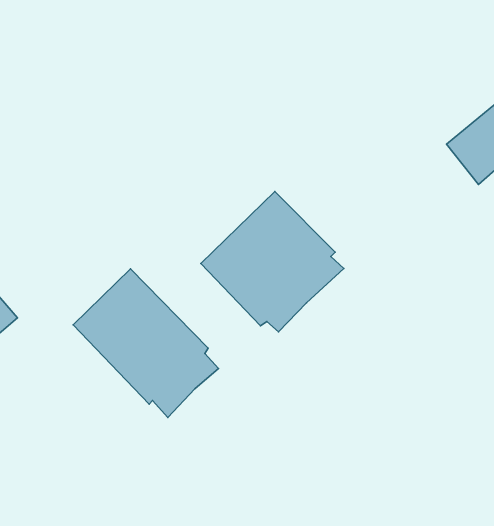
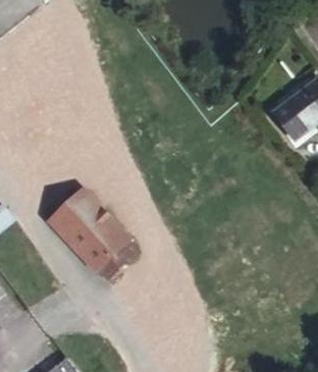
building: [201,191,344,332] -> none

